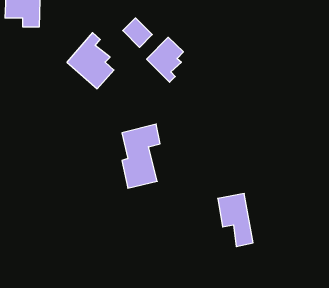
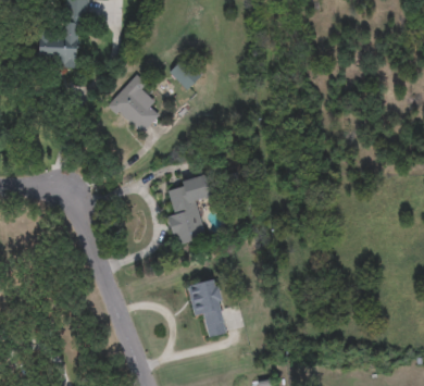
building: [147,37,183,82] -> none
building: [218,194,253,247] -> [187,278,226,337]

